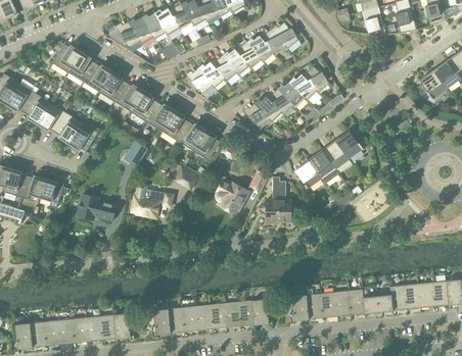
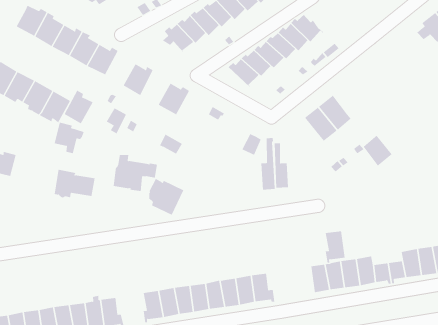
building: [131,90,158,121] -> [64,90,93,124]
building: [161,109,189,141] -> none
building: [193,130,221,161] -> none
building: [336,131,363,159] -> [363,135,393,166]
building: [295,160,322,189] -> none
building: [40,179,68,208] -> [54,122,85,154]
building: [217,180,249,214] -> [148,178,184,216]
building: [290,295,309,323] -> [325,231,346,263]

